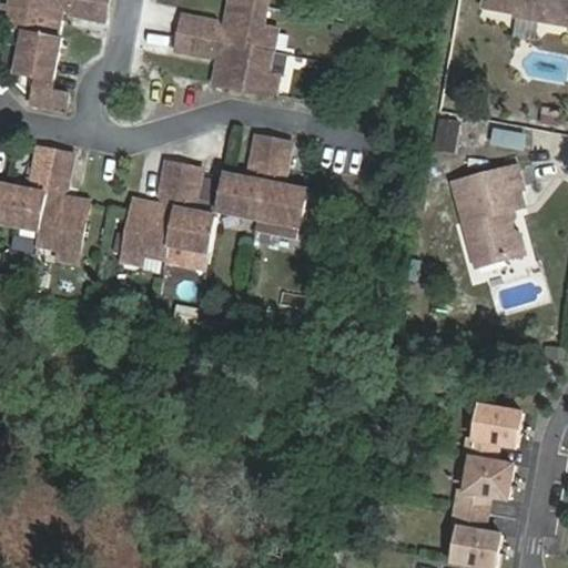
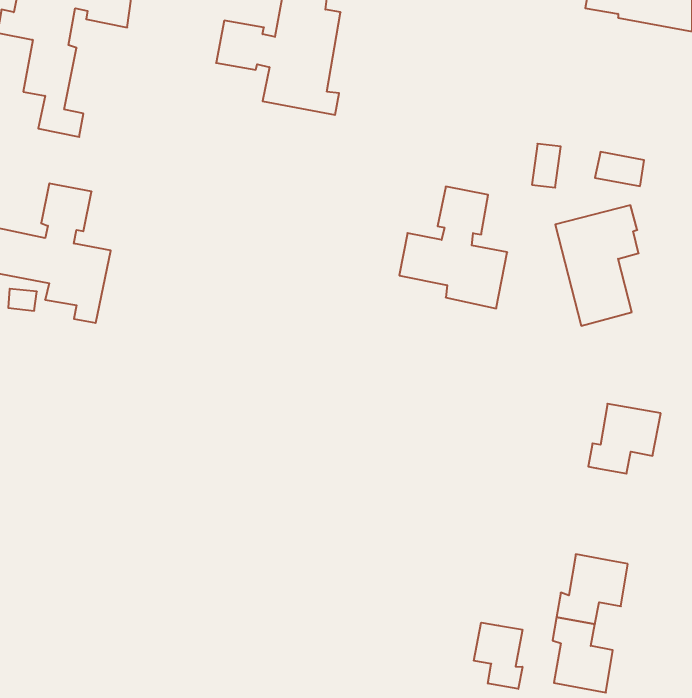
building: [217,135,305,234] -> [399,187,507,308]
building: [123,162,215,263] -> none
building: [460,397,519,454] -> [588,404,661,474]
building: none -> [474,623,522,689]

